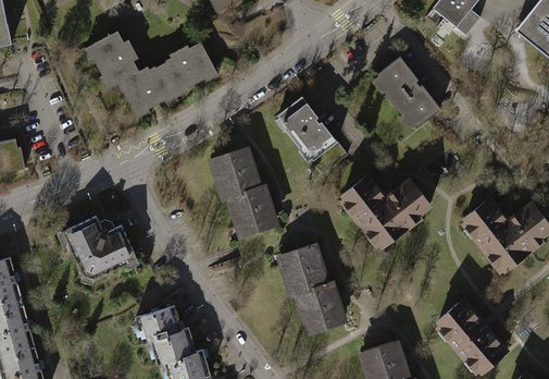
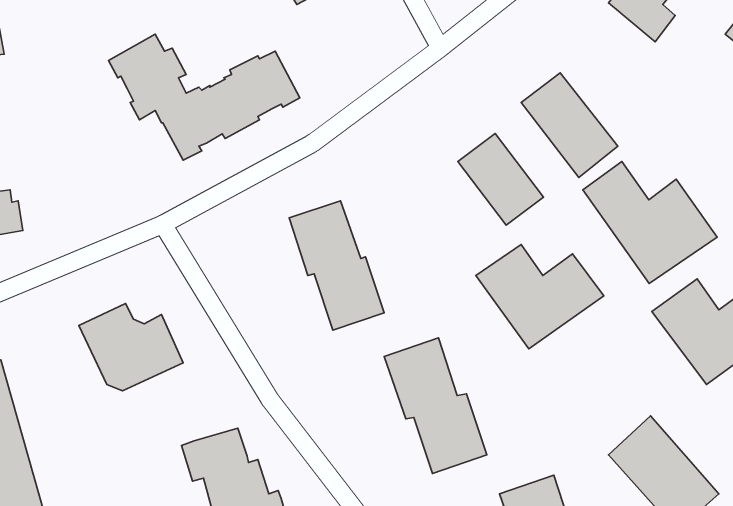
building: [276,97,336,161] -> [458,133,543,225]
building: none -> [583,161,717,284]

